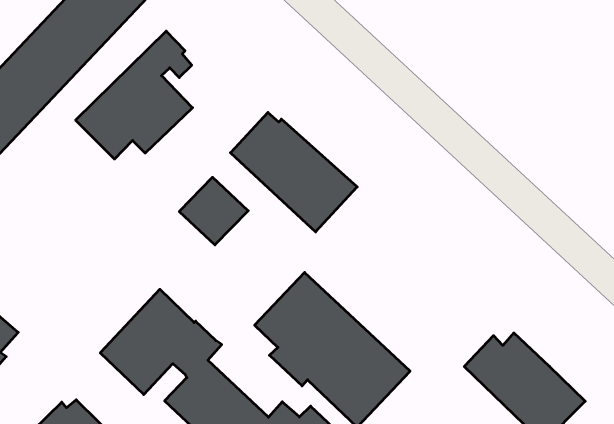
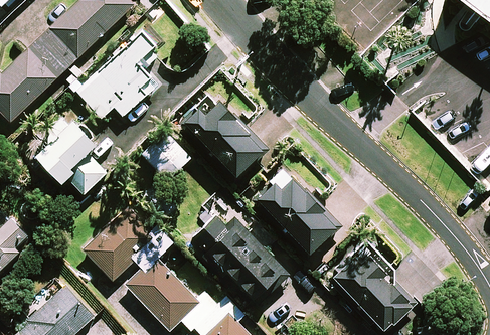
building: none -> [35,120,106,196]
building: none -> [256,177,338,254]

